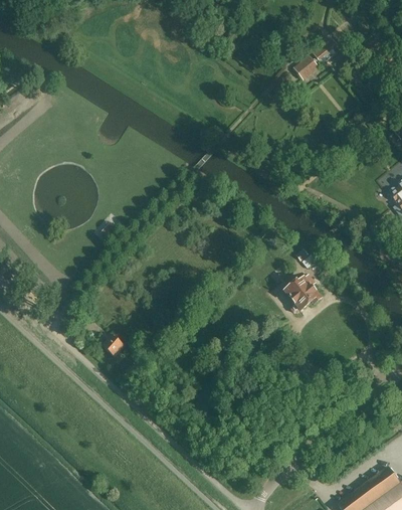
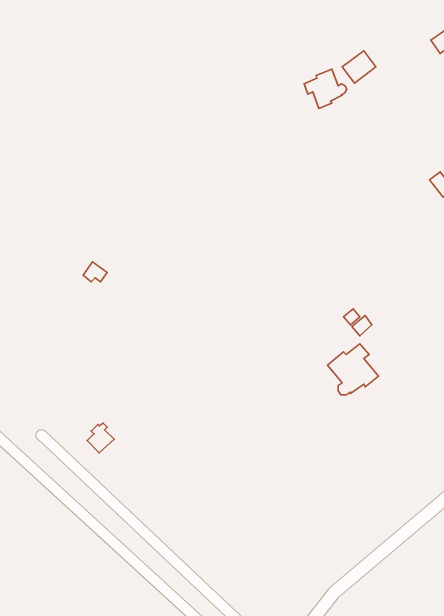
building: none -> [304,69,347,109]

